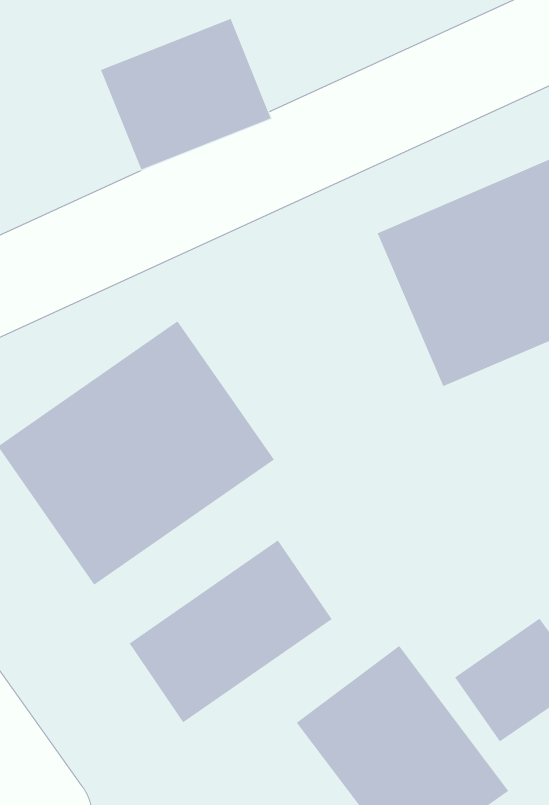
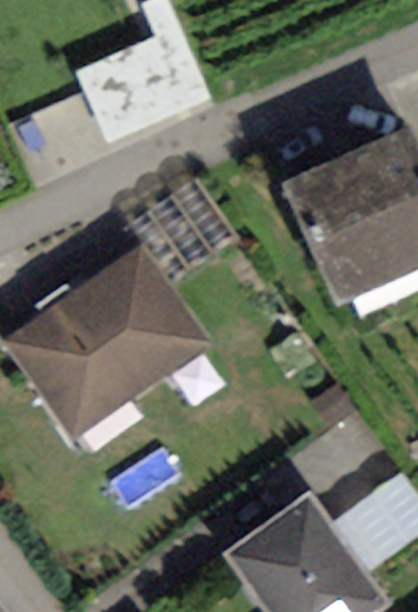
building: [129,539,332,723] -> none

